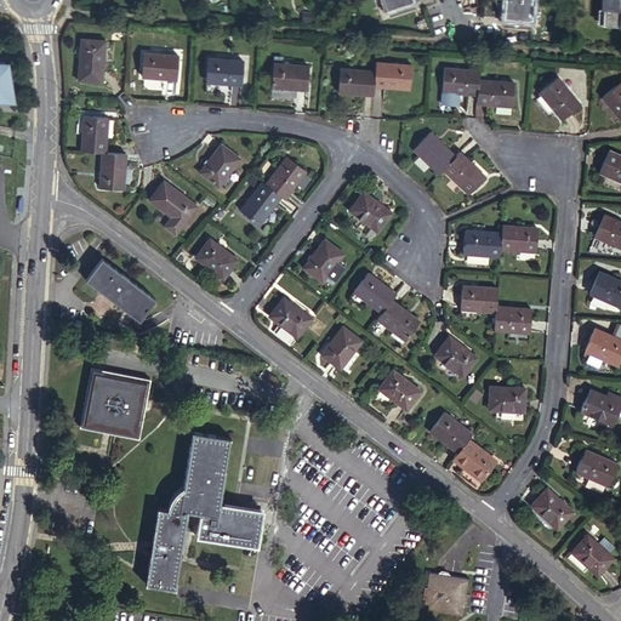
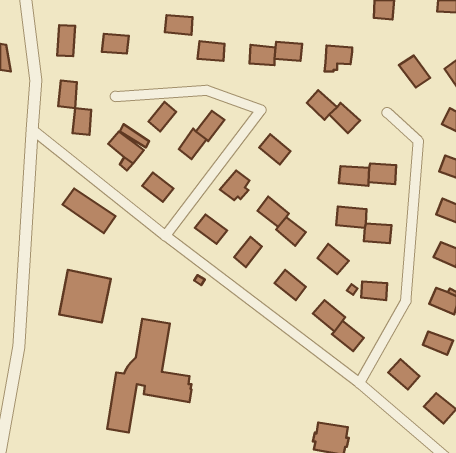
building: [204,56,241,82] -> [165,15,192,35]
building: [477,75,515,101] -> none

